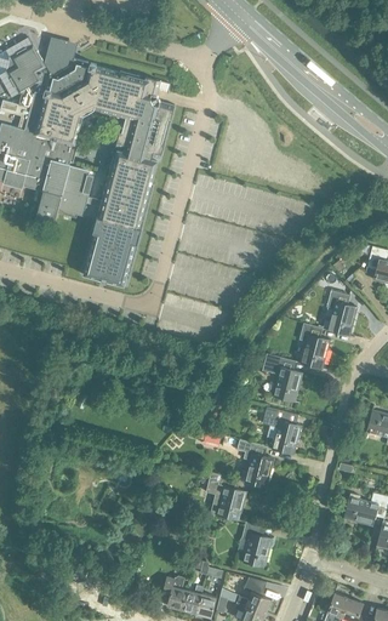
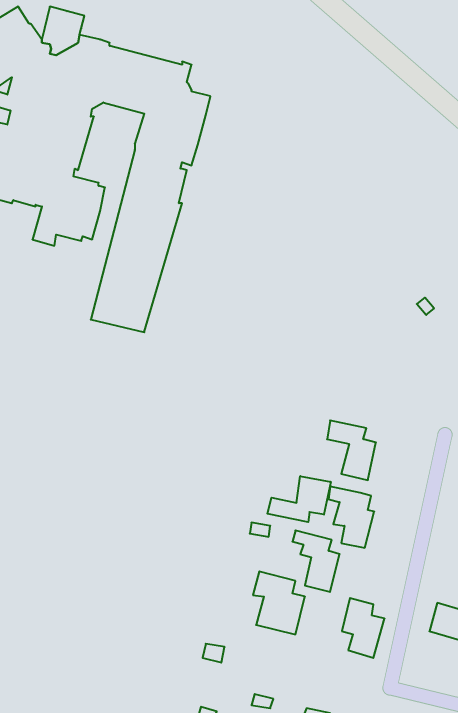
building: [325,289,359,336] -> none
building: [299,325,329,369] -> none
building: none -> [267,476,331,522]
building: [240,522,273,568] -> [342,598,385,658]

